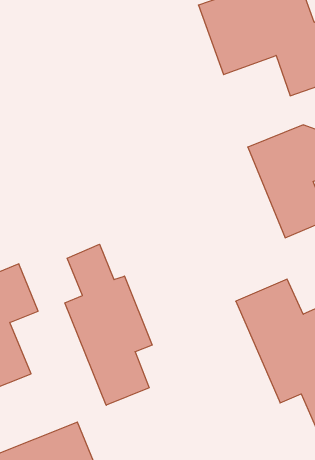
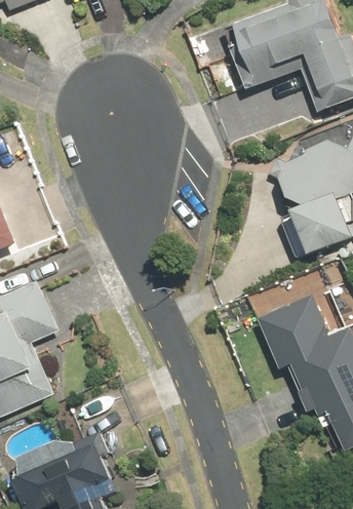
building: [65,244,152,405] -> none

